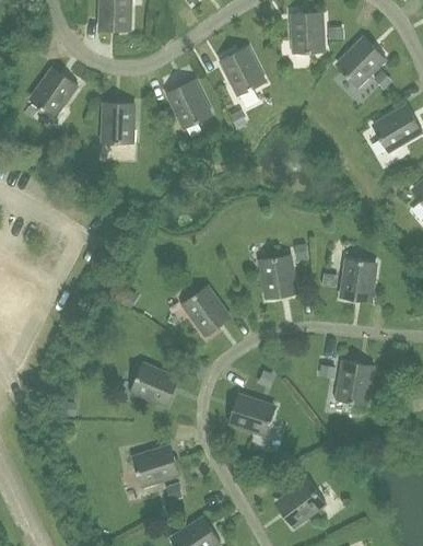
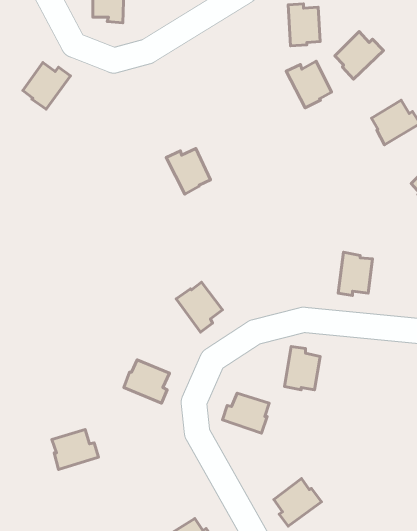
building: [220,49,265,95] -> [286,61,332,108]
building: [166,83,210,128] -> [166,149,210,194]
building: [102,102,133,143] -> none
building: [260,256,295,299] -> none
building: [337,360,372,403] -> [284,346,320,390]
building: [133,446,179,486] -> [52,430,99,469]

